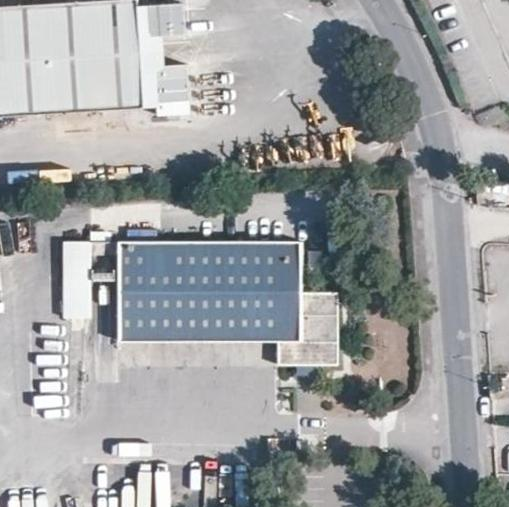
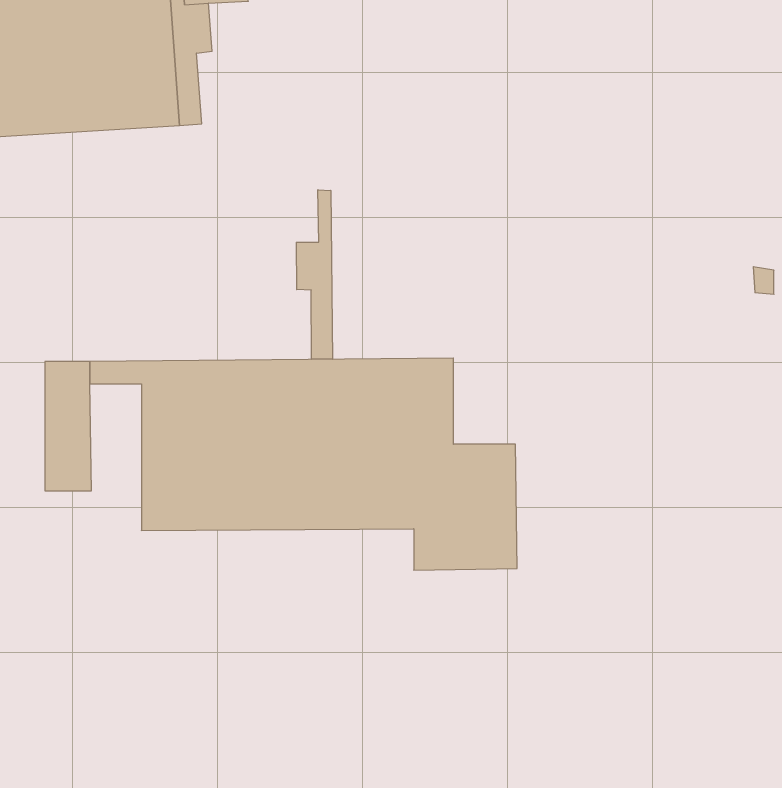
building: [151,62,186,113] -> none
building: none -> [296,190,332,359]

